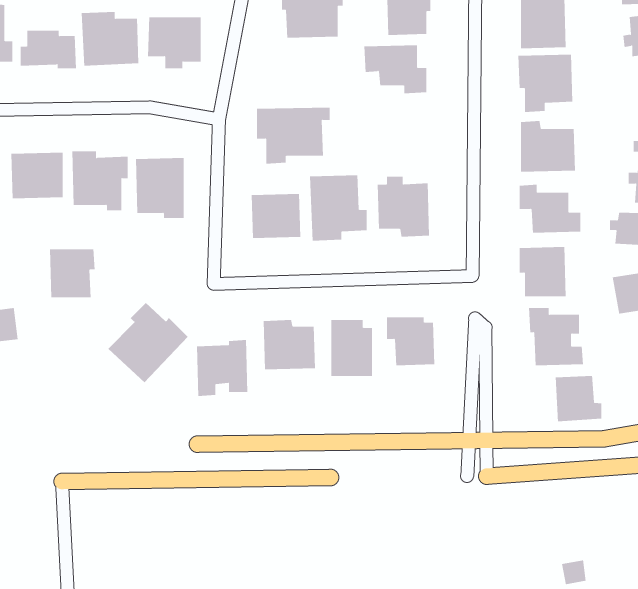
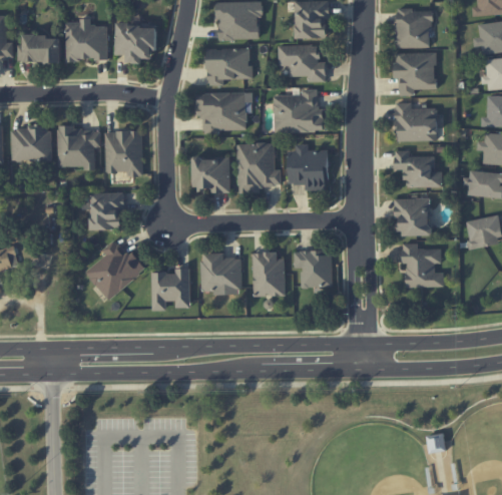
building: none -> [206,48,250,85]
building: none -> [274,89,324,132]
building: [49,249,96,298] -> [89,192,124,229]
building: [555,375,602,422] -> none

